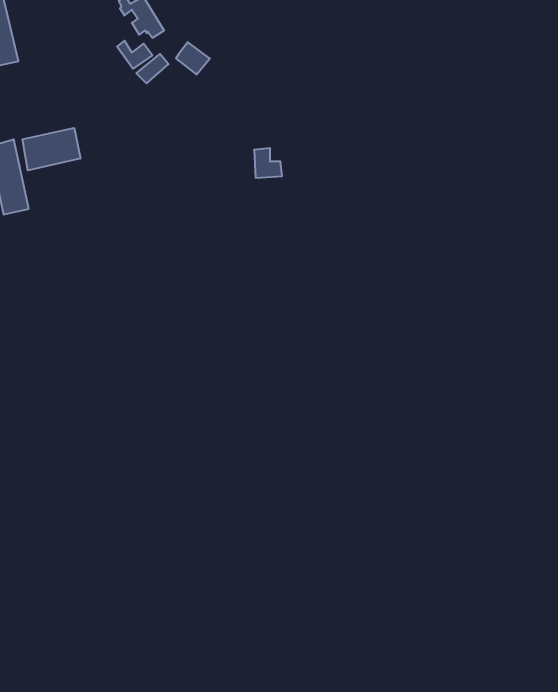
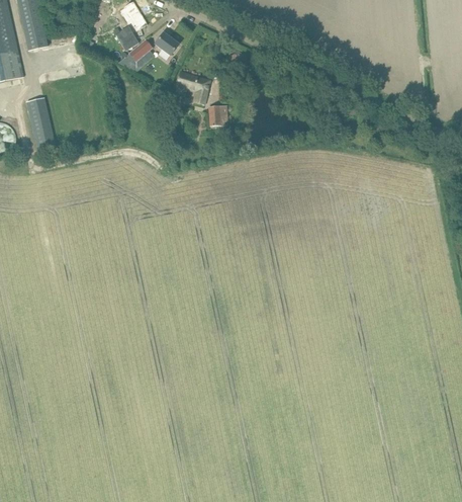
building: none -> [175,70,209,103]
building: [22,128,80,170] -> none

